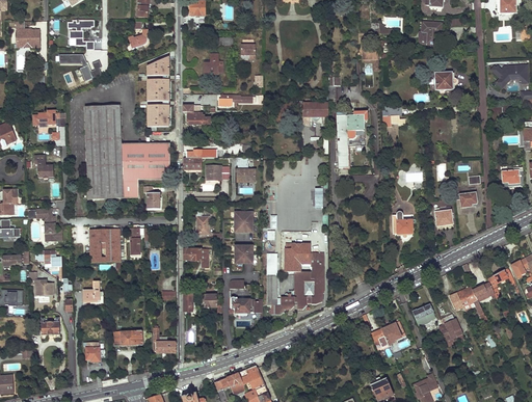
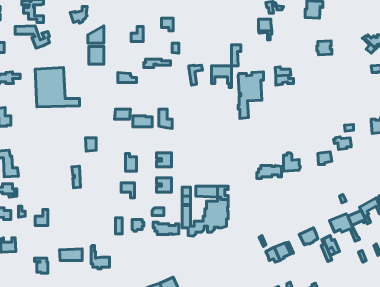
building: [150,105,169,127] -> none
building: [85,143,169,198] -> none
building: none -> [257,166,281,178]
building: [88,229,119,263] -> none

